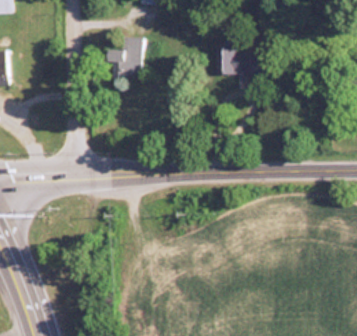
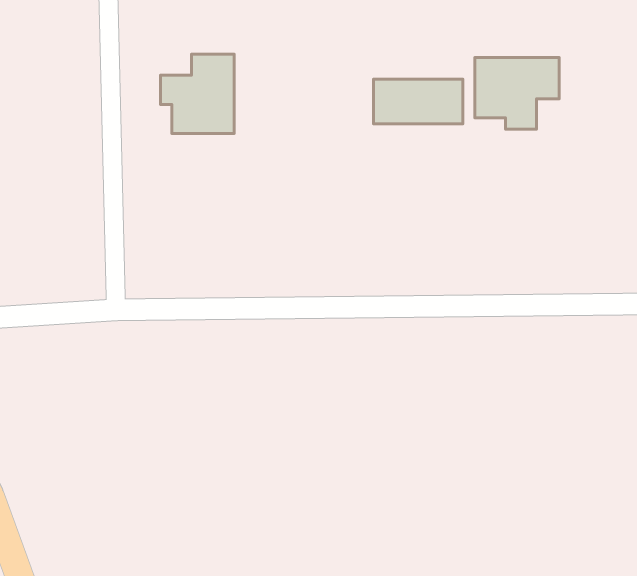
building: none -> [475,57,559,129]

